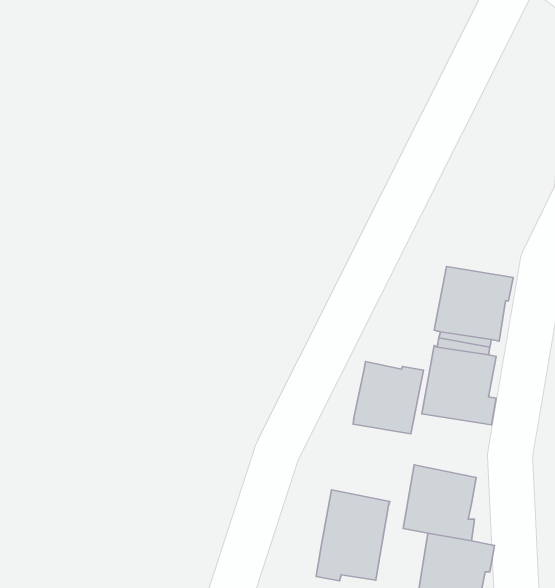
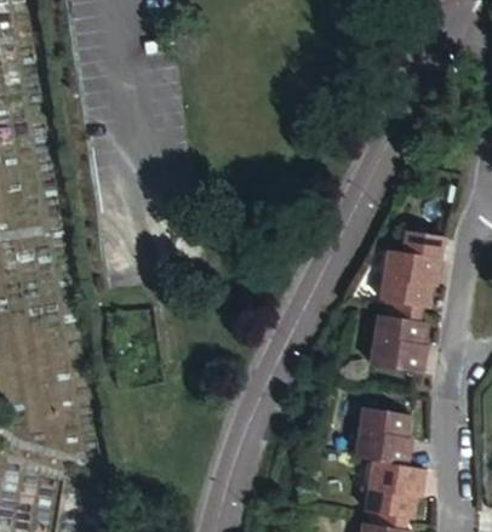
building: [353,362,424,434] -> none
building: [316,490,390,581] -> none

